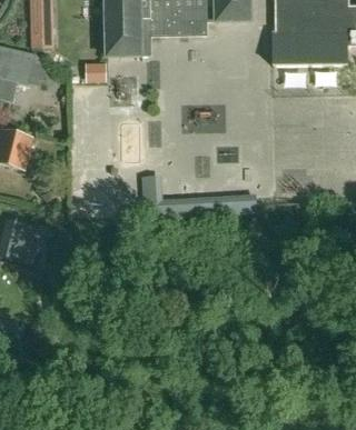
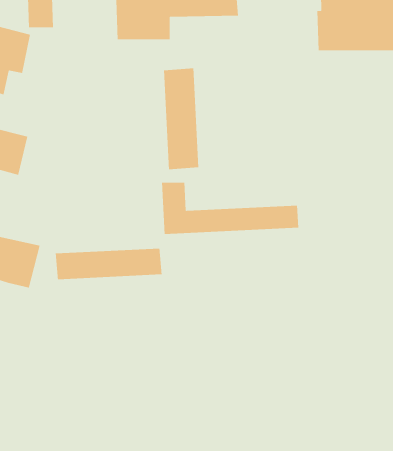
building: none -> [163,67,199,170]
building: none -> [55,248,162,280]

